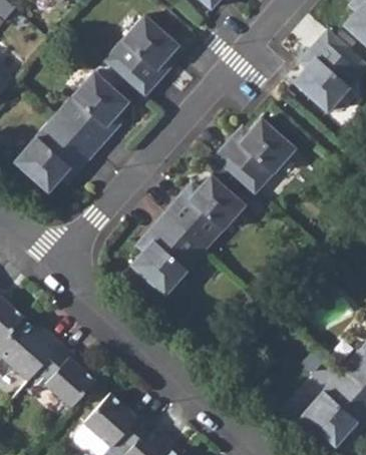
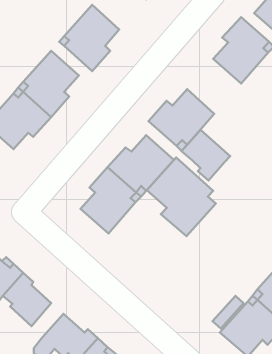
building: none -> [182,130,230,180]
building: none -> [147,157,216,236]

